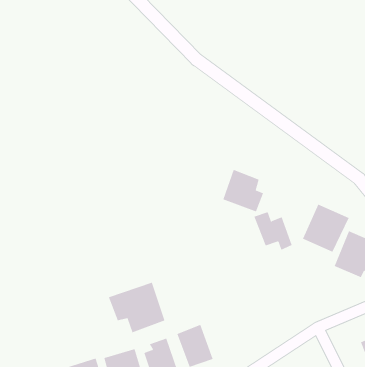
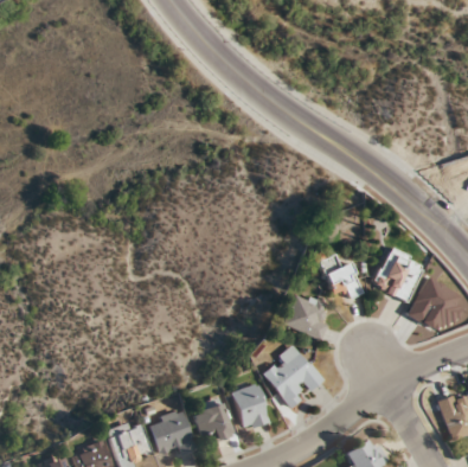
building: [223,169,264,212] -> [283,292,329,340]
building: [108,282,165,333] -> none
building: none -> [261,344,325,409]

